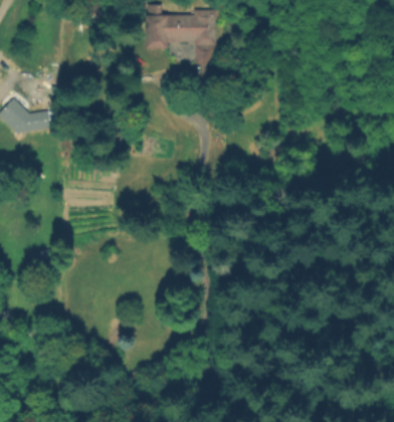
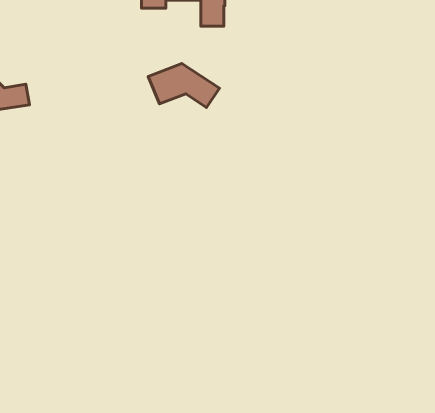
building: none -> [148,64,219,107]

